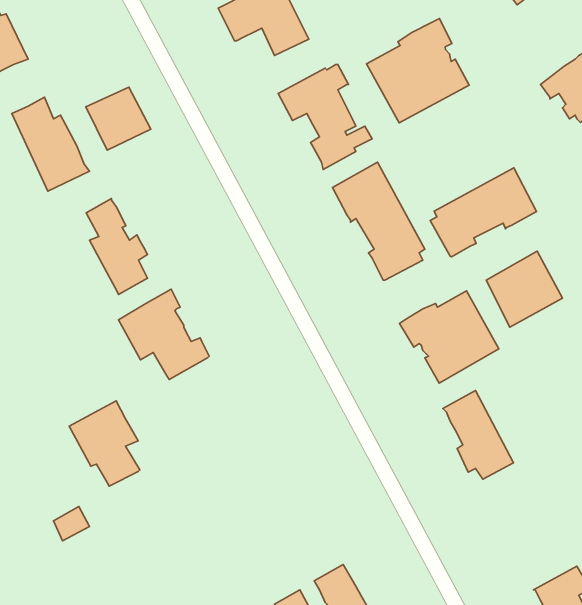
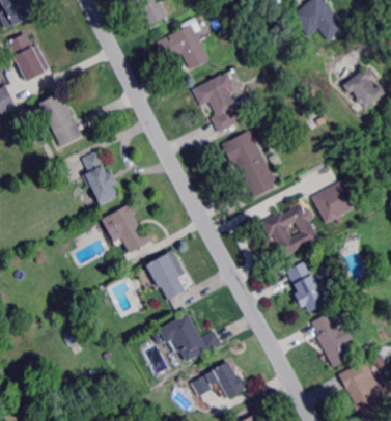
building: [366,19,469,123] -> none
building: [86,87,151,150] -> none
building: [430,168,537,257] -> none
building: [69,401,140,486] -> [146,250,187,299]
building: none -> [159,312,222,362]
building: none -> [311,312,353,367]

